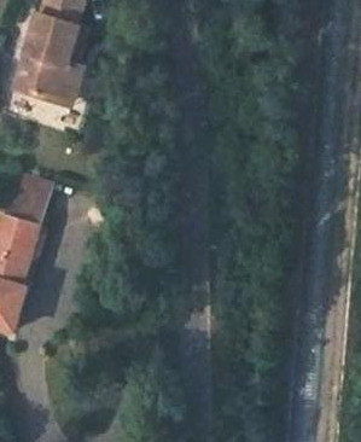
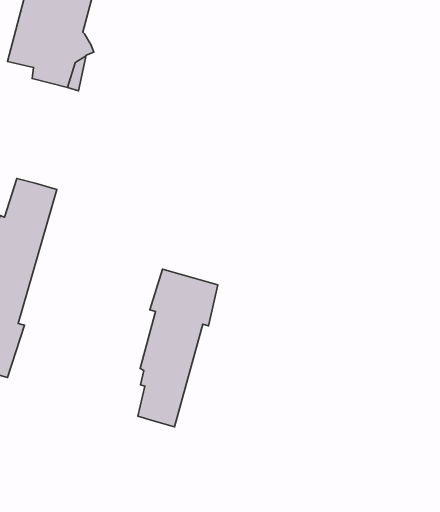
building: none -> [138,269,218,427]

